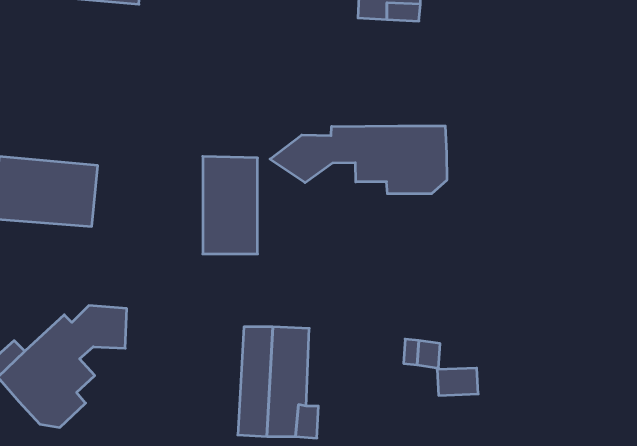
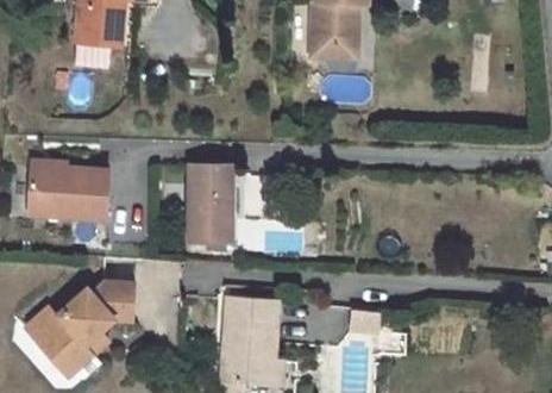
building: [270,126,447,194] -> none

